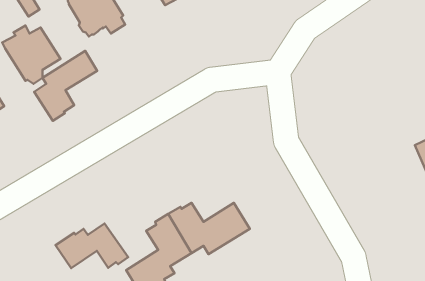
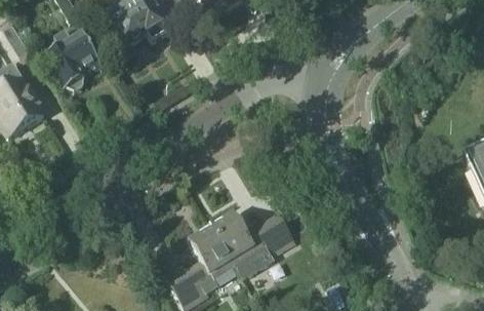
building: [34,51,97,121] -> none
building: [55,223,128,268] -> none

